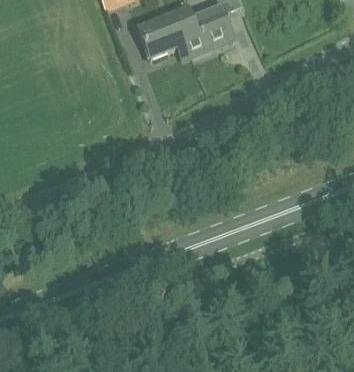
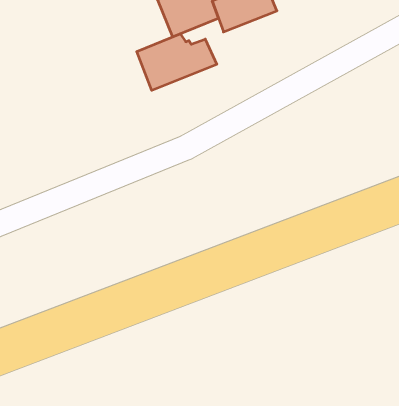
building: none -> [137,34,217,90]

